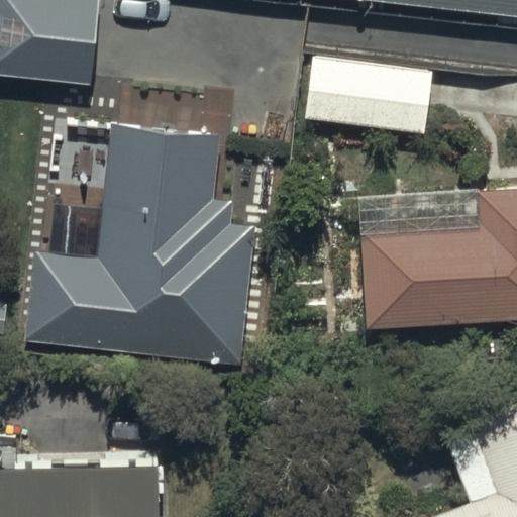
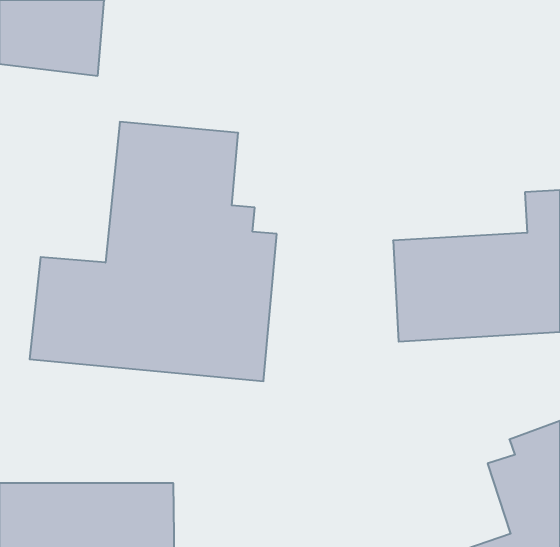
building: [303,57,431,136] -> none

